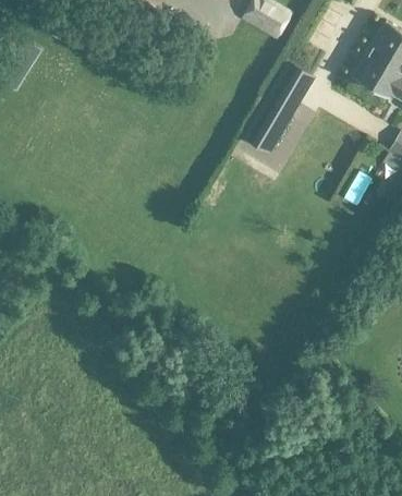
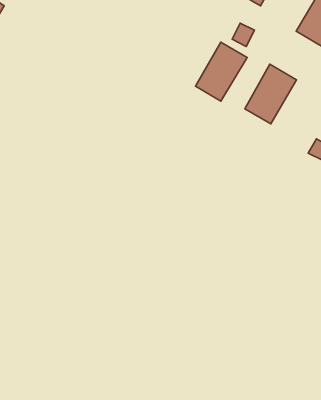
building: none -> [245,64,297,124]

